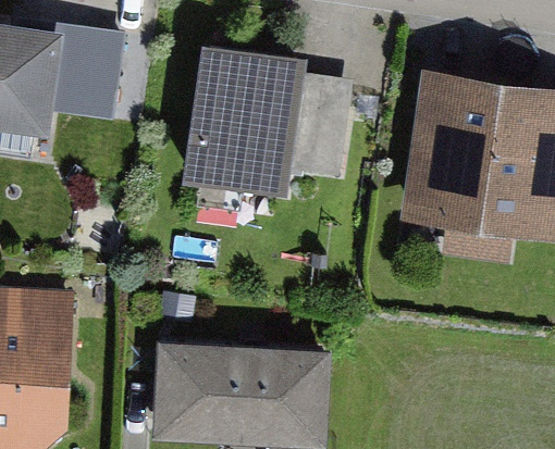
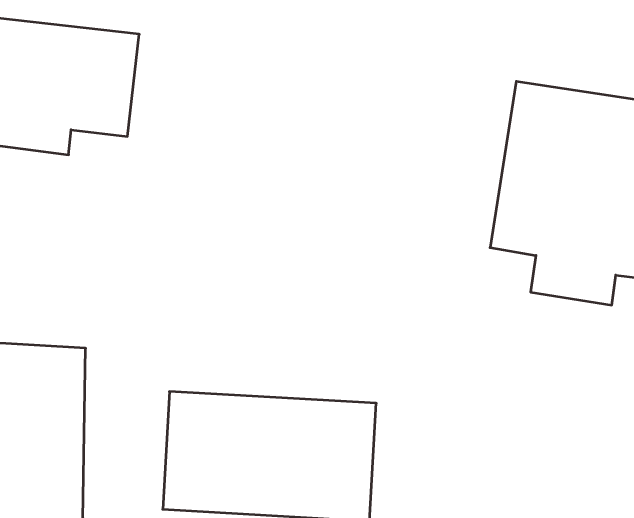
building: [199,53,355,192] -> none

